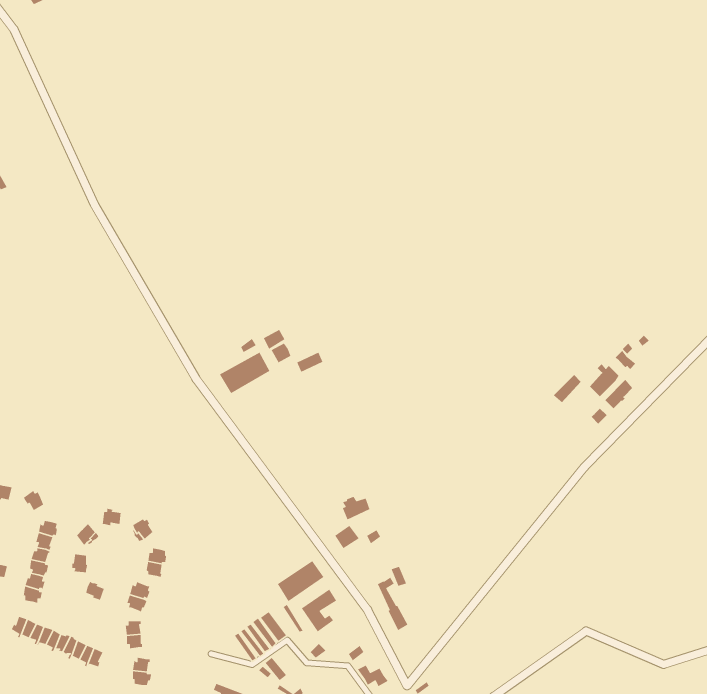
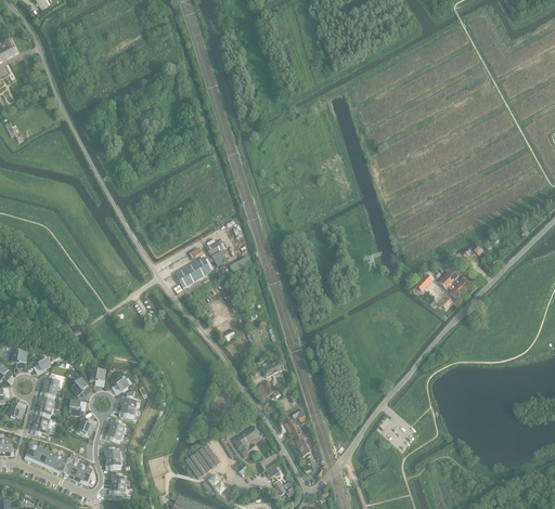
building: [277,560,325,602] -> none

